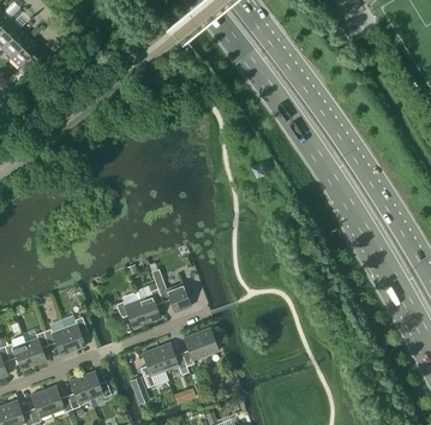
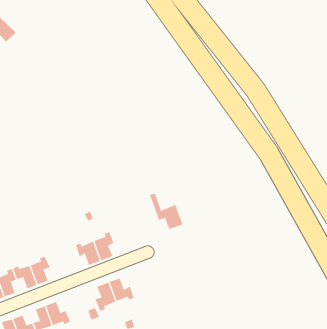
building: [151,269,191,312] -> [149,193,183,230]
building: [181,327,219,366] -> none

